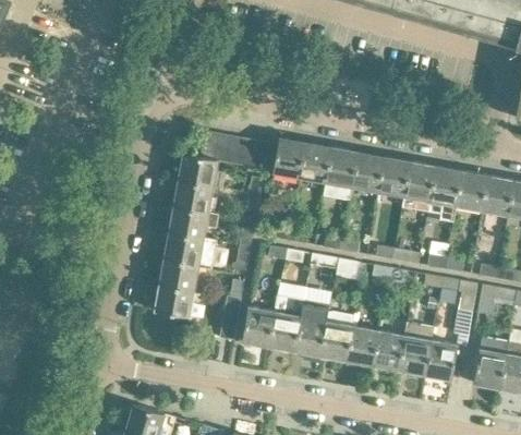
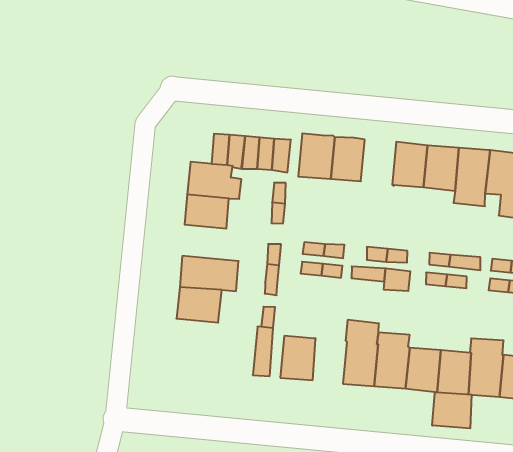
building: [323,148,358,202] -> none
building: [169,206,218,239] -> none
building: [155,285,194,317] -> none
building: [269,294,303,352] -> none
building: none -> [432,392,472,428]

